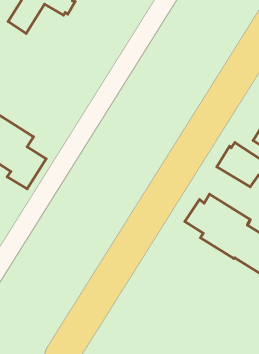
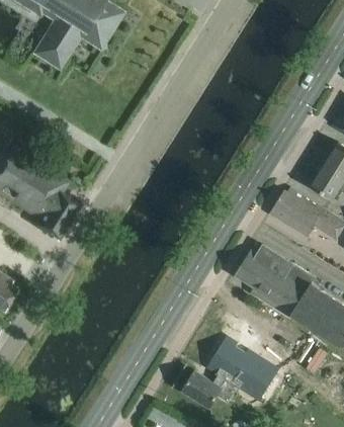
building: none -> [180,337,280,408]

